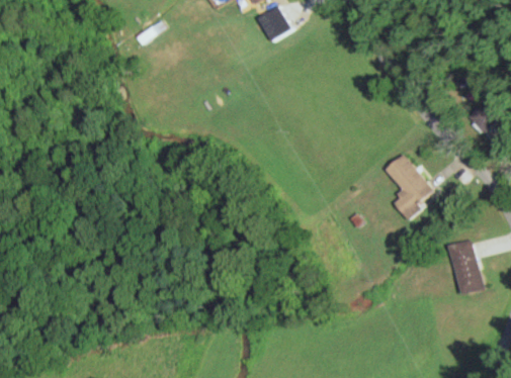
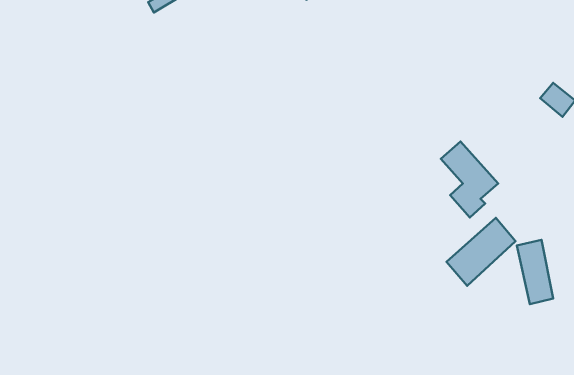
building: none -> [446,218,516,286]

